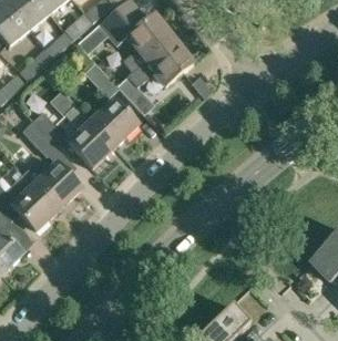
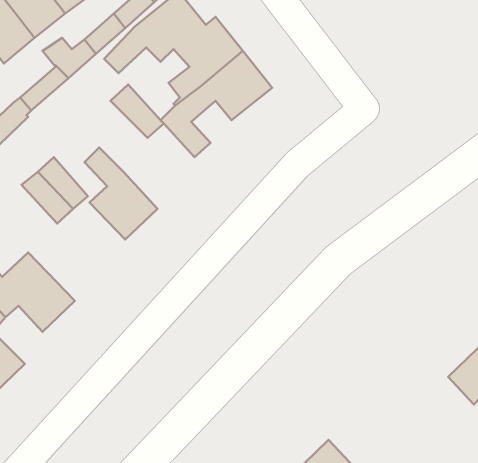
building: [91,99,137,146] -> none
building: [25,162,81,209] -> none

